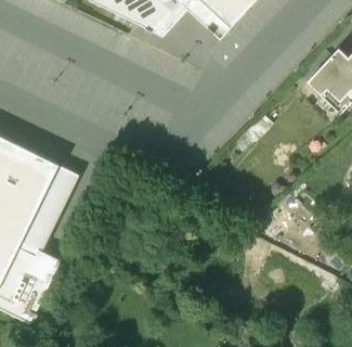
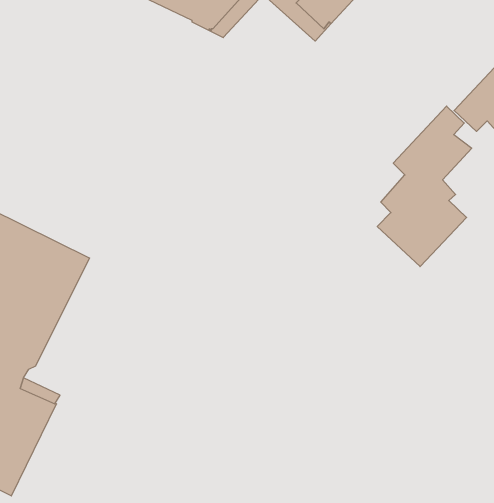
building: none -> [377,106,472,267]

